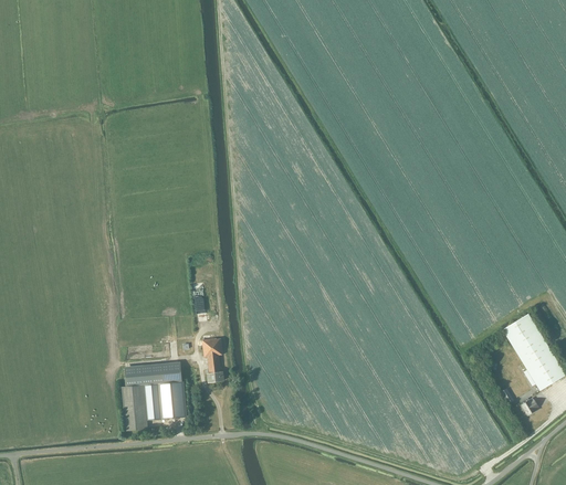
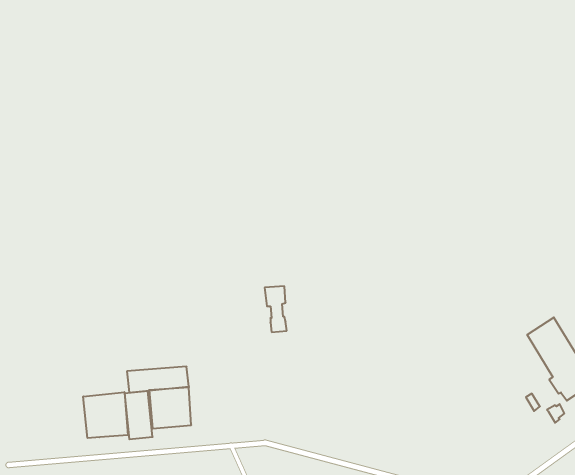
building: [203,337,224,380] -> [265,286,287,332]
building: none -> [83,392,128,438]

